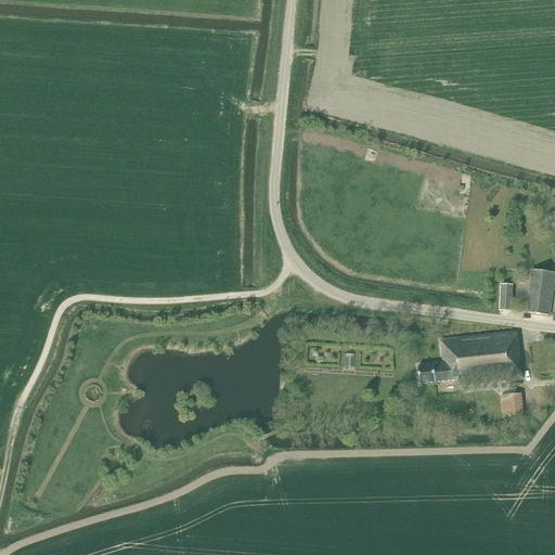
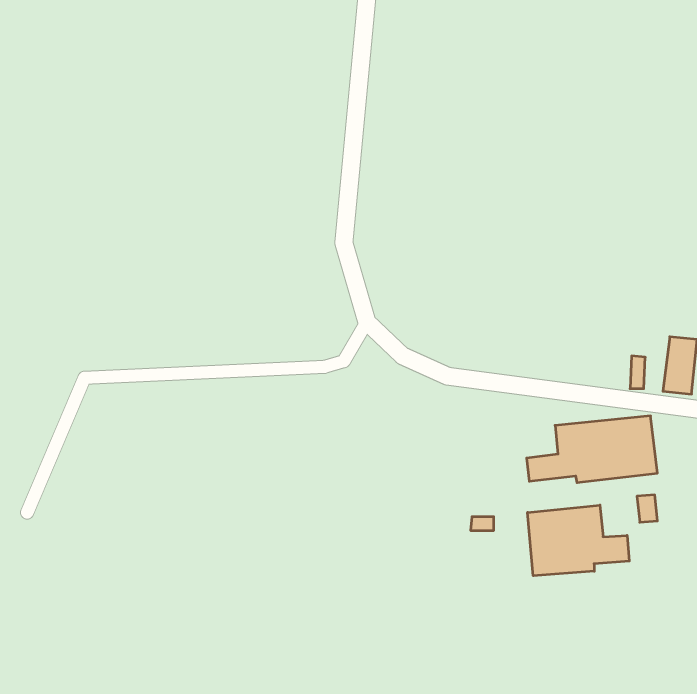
building: none -> [528,505,629,576]

